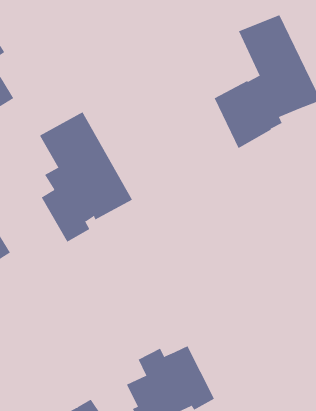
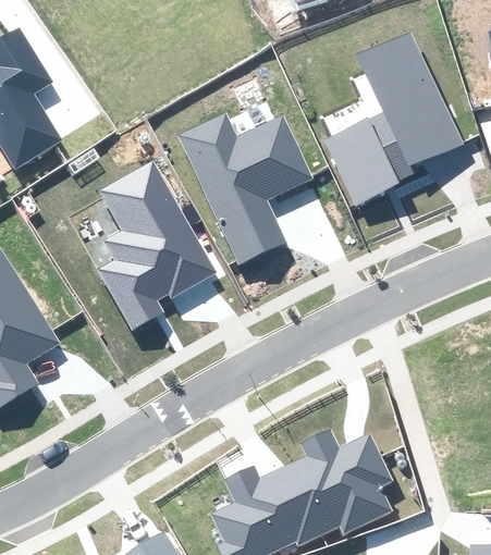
building: none -> [176,112,311,266]
building: none -> [290,430,394,535]

